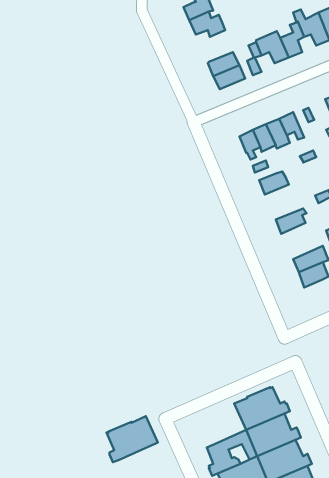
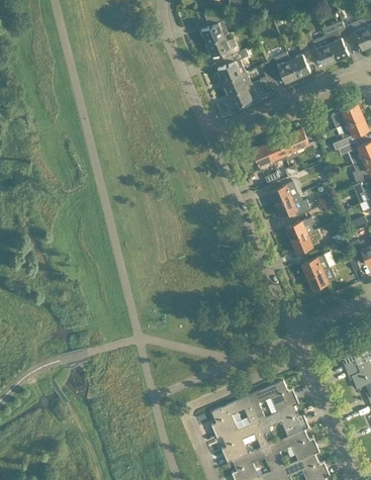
building: none -> [218,50,249,83]
building: none -> [276,194,311,217]
building: none -> [291,229,322,253]
building: [106,416,158,462] -> [211,397,259,440]

